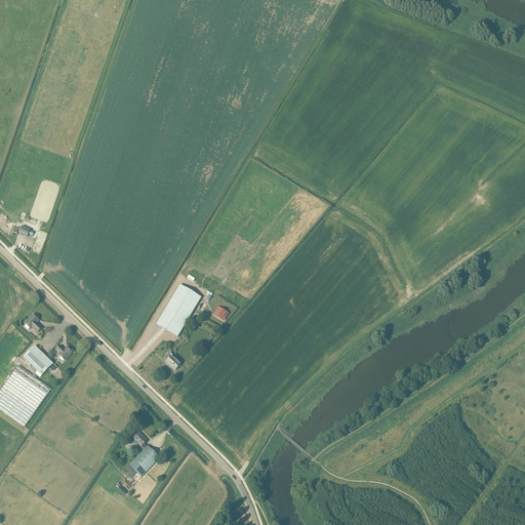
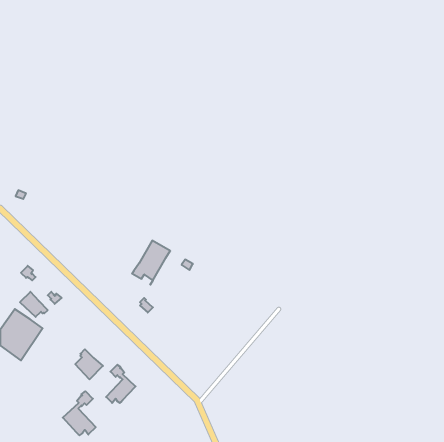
building: none -> [75,349,103,379]
building: none -> [63,391,96,435]

